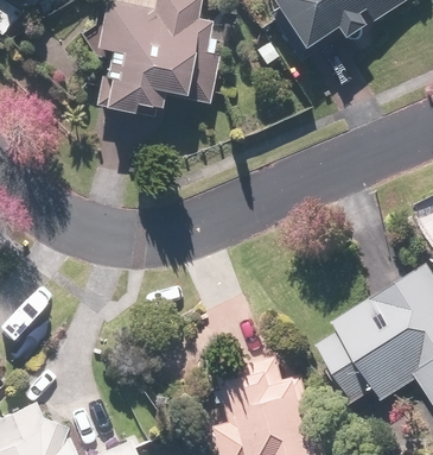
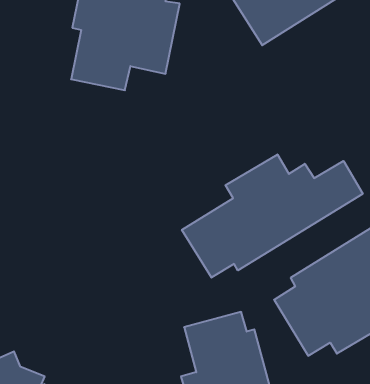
building: none -> [182,154,363,278]

